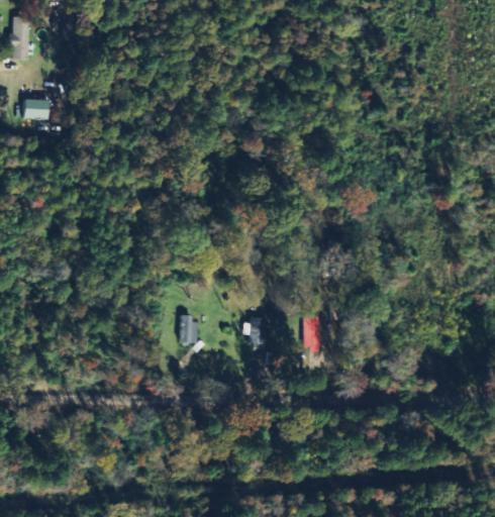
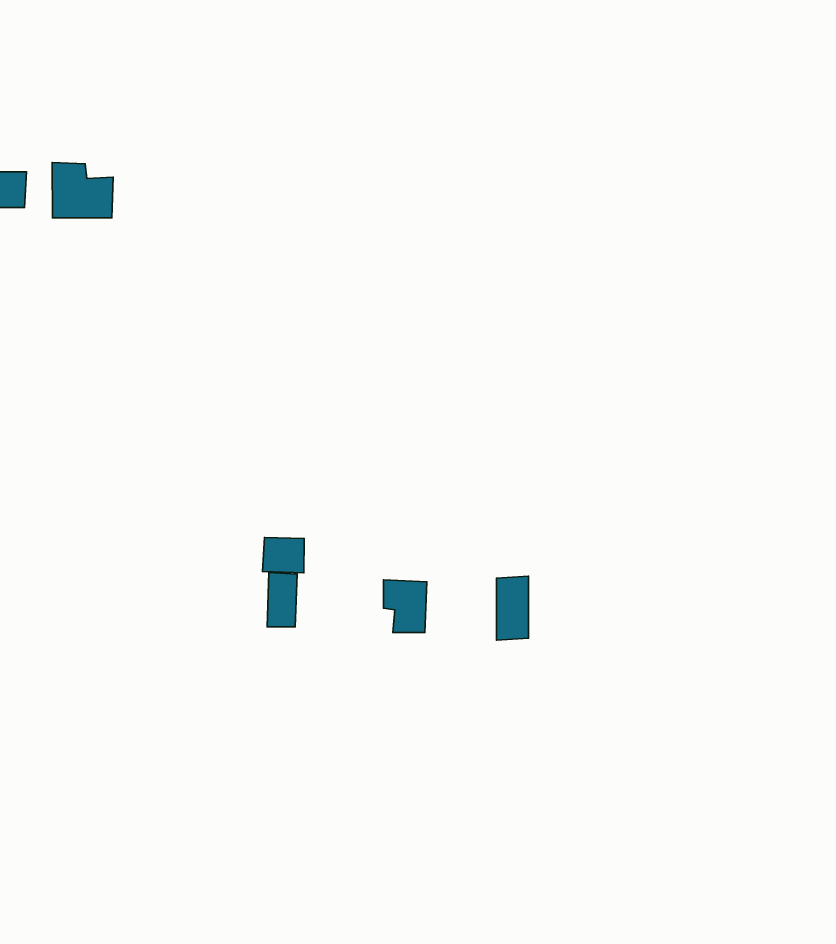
building: none -> [52,163,113,218]
building: none -> [262,537,304,573]

